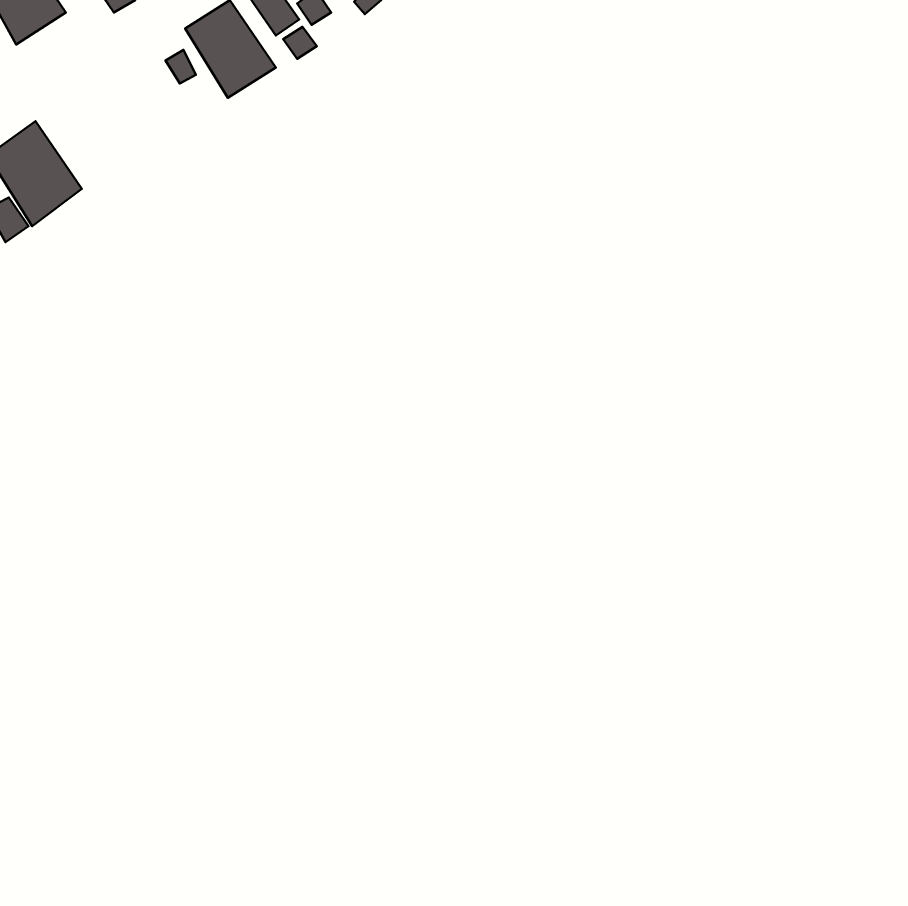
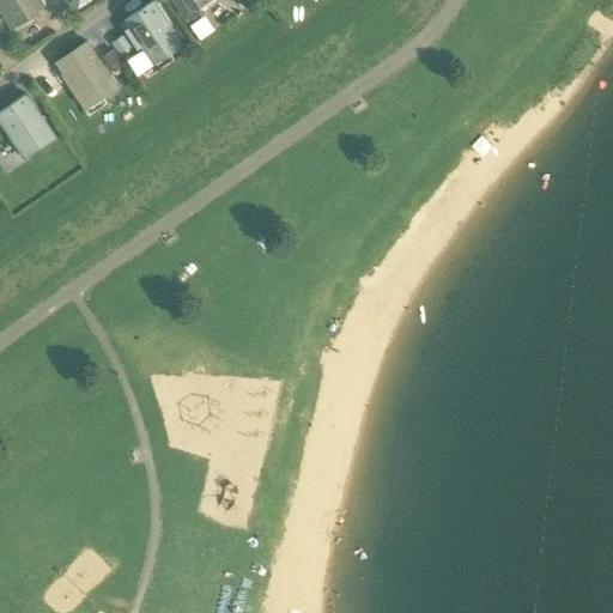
building: none -> [54,42,119,113]

